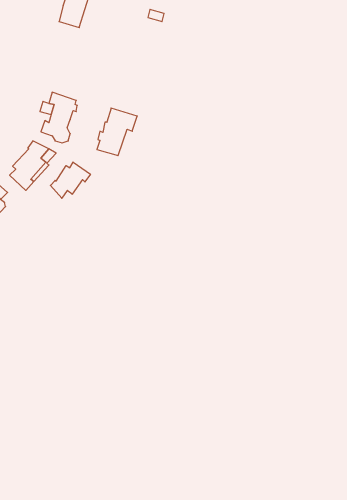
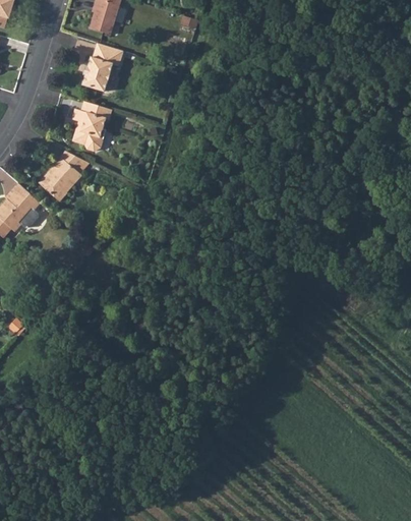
building: [97,108,137,156] -> [82,43,123,91]
building: [50,162,90,198] -> none

